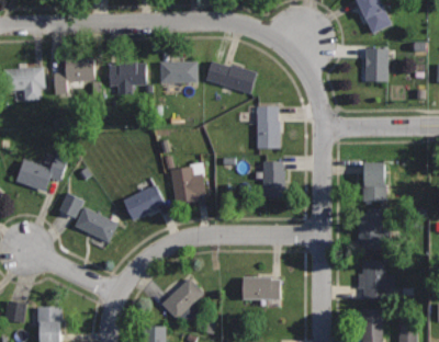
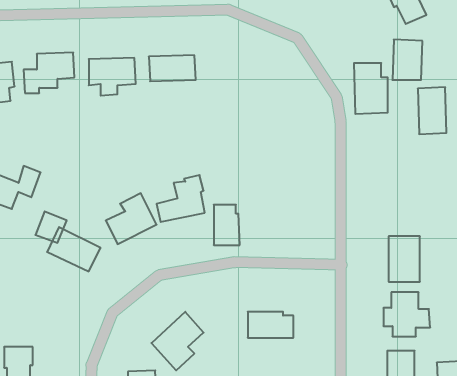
building: [203,60,257,95] -> none
building: [255,106,283,149] -> [354,63,388,114]
building: [263,162,285,196] -> [214,205,240,245]
building: [361,162,385,202] -> [418,87,446,134]

